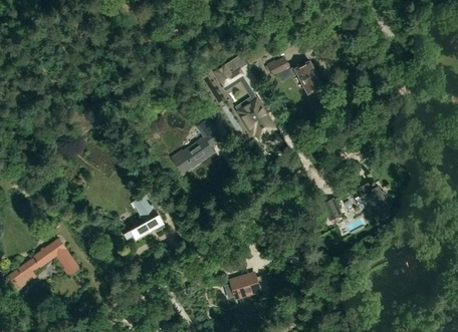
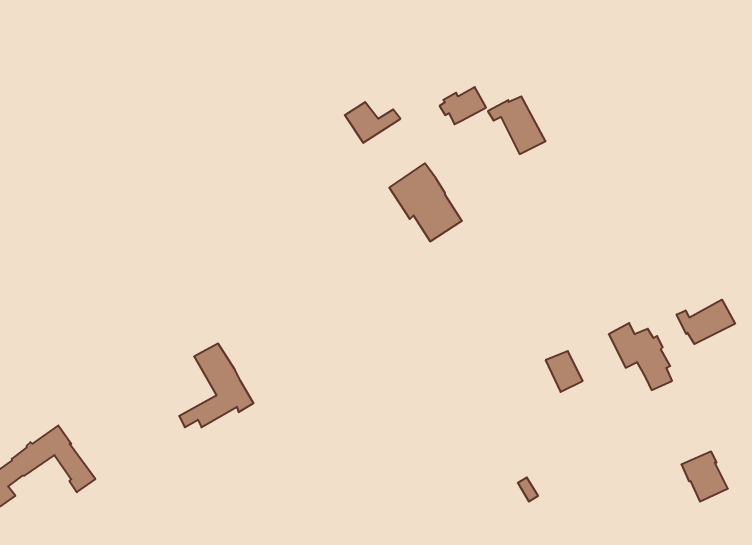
building: [171,119,220,167] -> none
building: none -> [677,300,735,344]
building: [229,276,268,299] -> none

